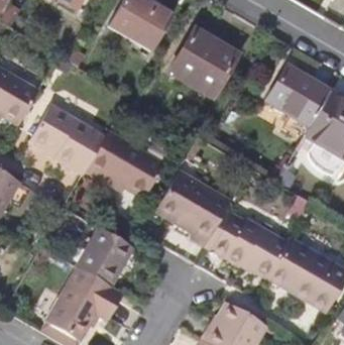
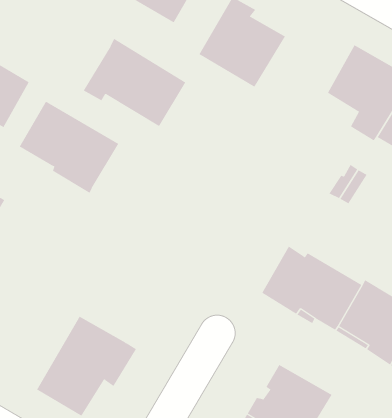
building: [88,132,165,199] -> [83,38,186,127]
building: [158,174,234,247] -> none
building: [77,227,136,288] -> none

